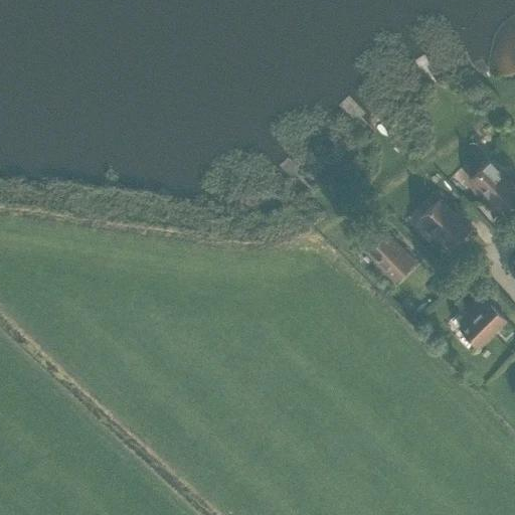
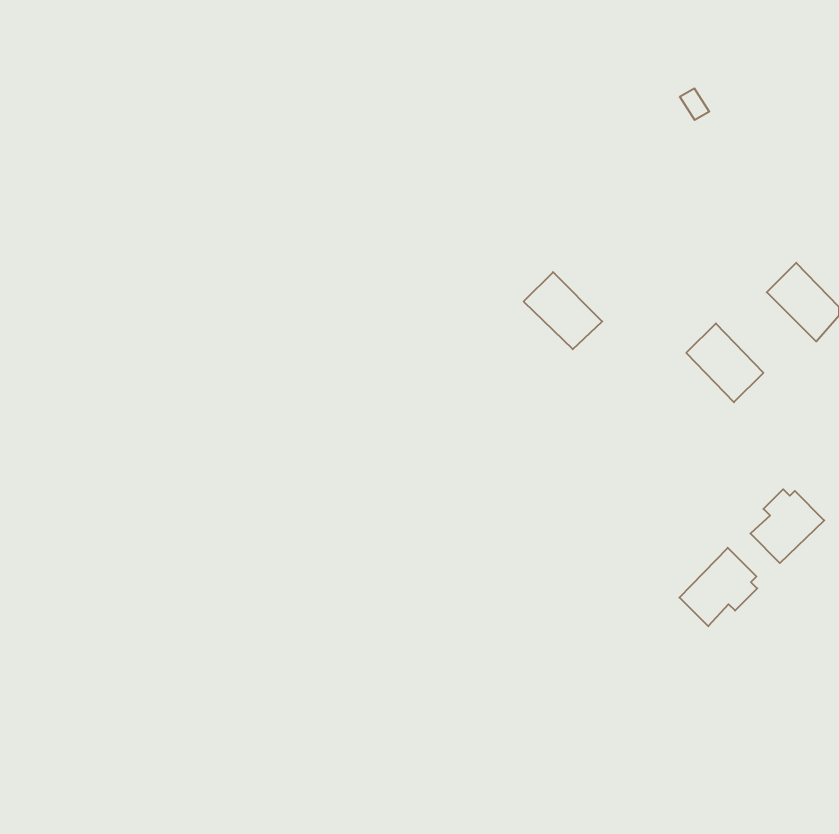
building: [365,233,413,281] -> [524,272,602,349]
building: none -> [679,548,757,626]

